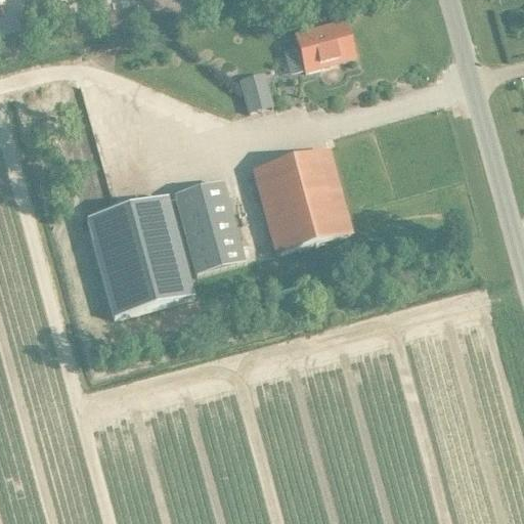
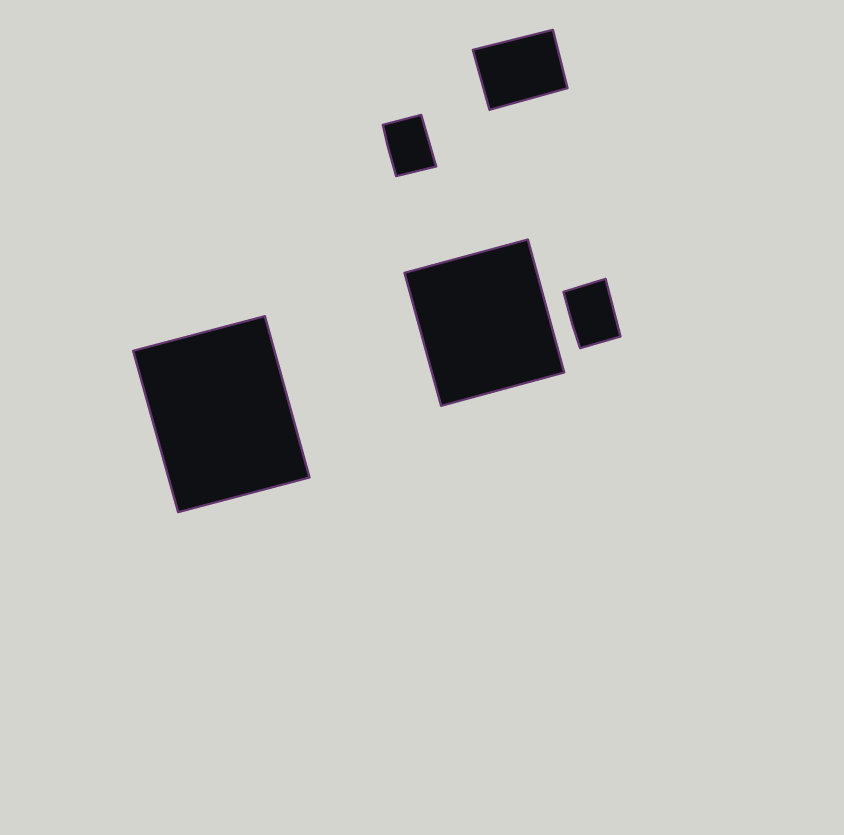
building: none -> [563,279,621,348]
building: [174,179,244,272] -> none

